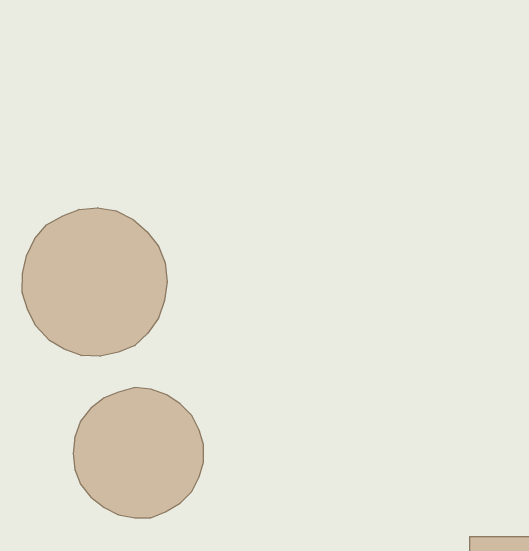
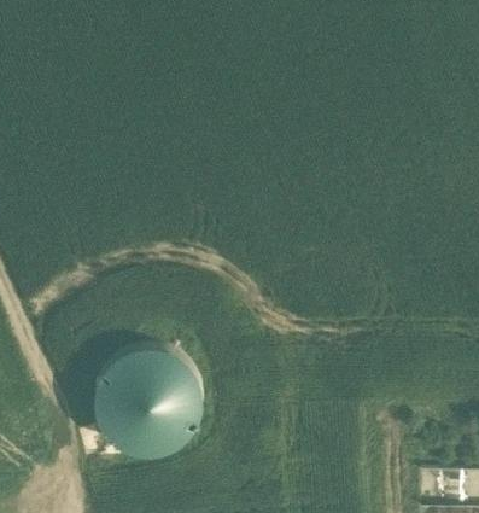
building: [22,208,167,356] -> none

